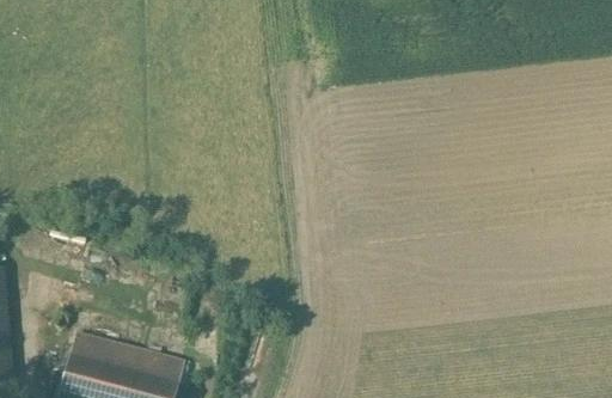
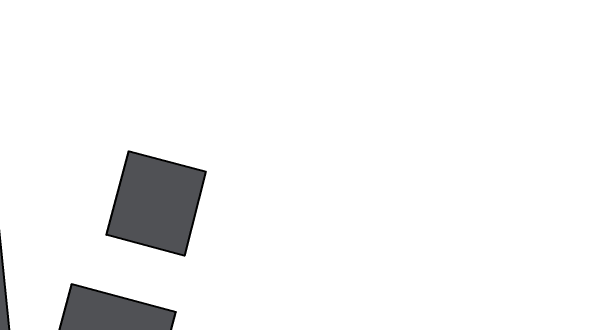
building: none -> [106,151,206,256]

